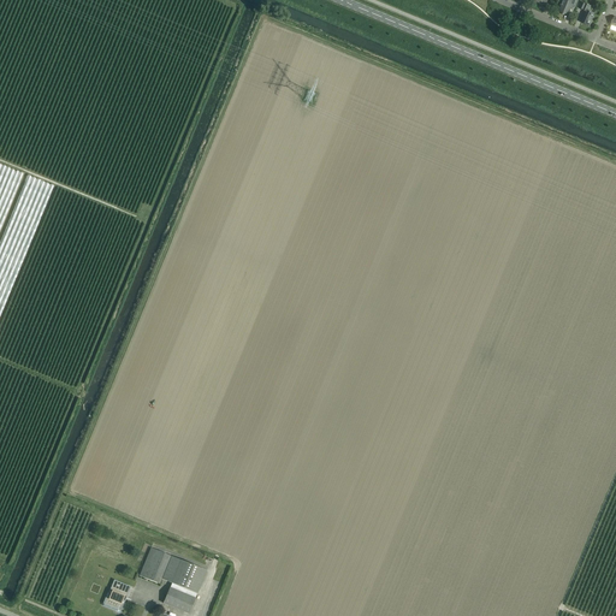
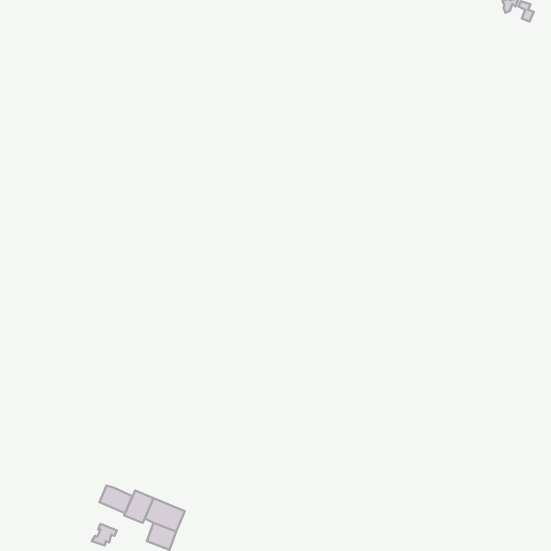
building: none -> [100,485,132,513]

